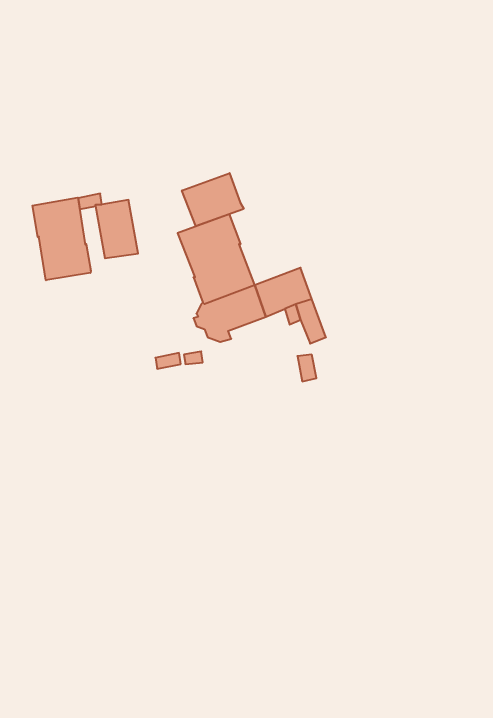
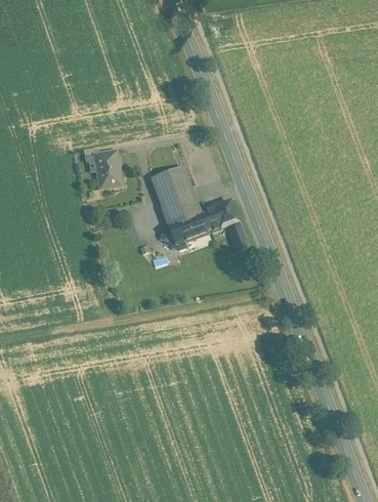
building: [182,173,244,226] -> none
building: [32,198,91,280] -> none

